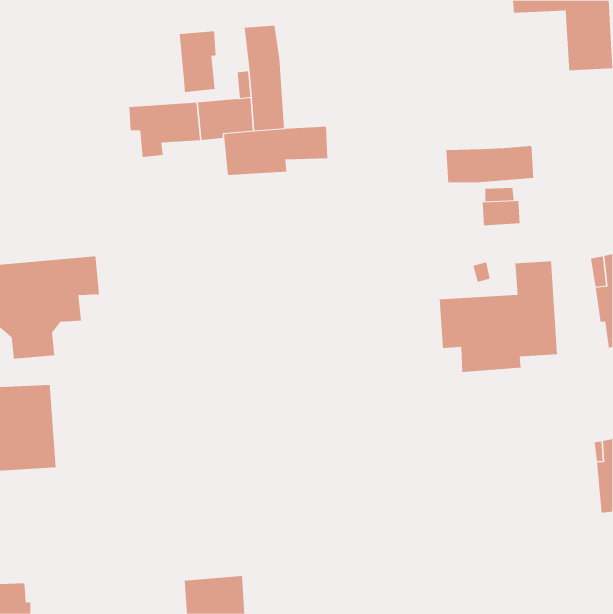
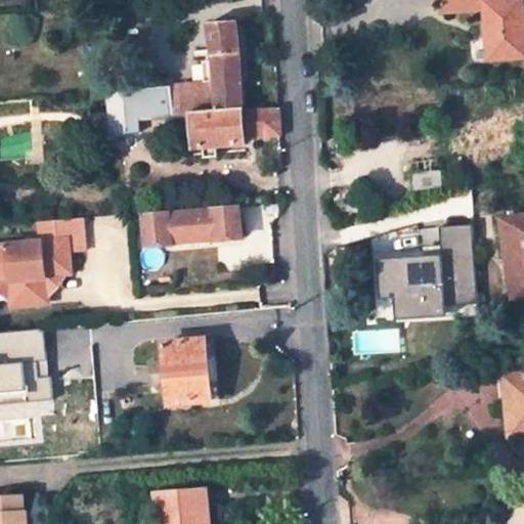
building: [179,31,216,93] -> none
building: [446,145,534,183] -> none
building: none -> [142,208,242,248]
building: none -> [152,340,219,404]

